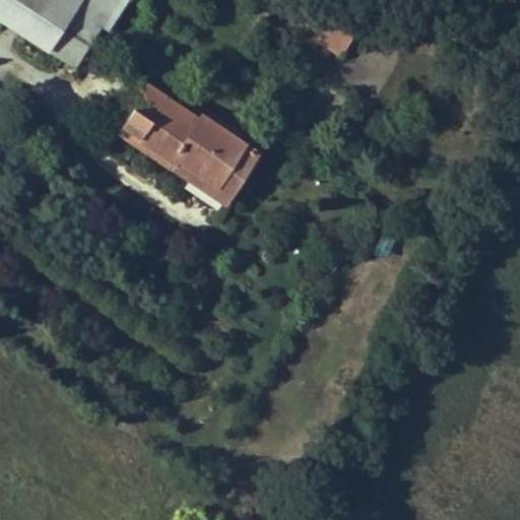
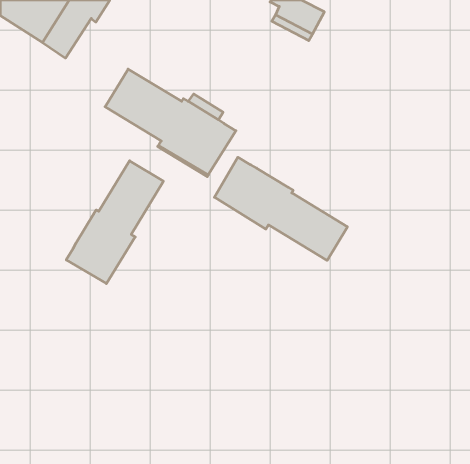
building: none -> [214,157,347,260]
building: none -> [66,161,163,284]

